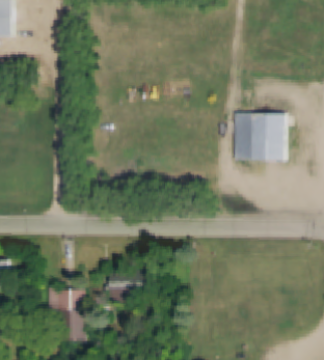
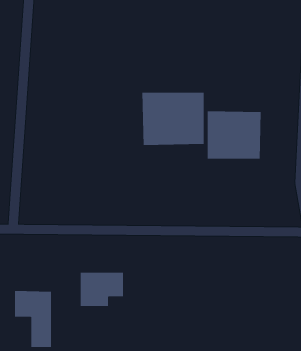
building: none -> [142,92,204,146]

